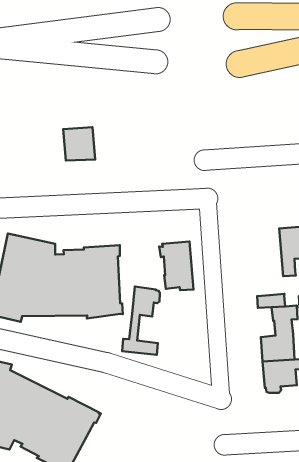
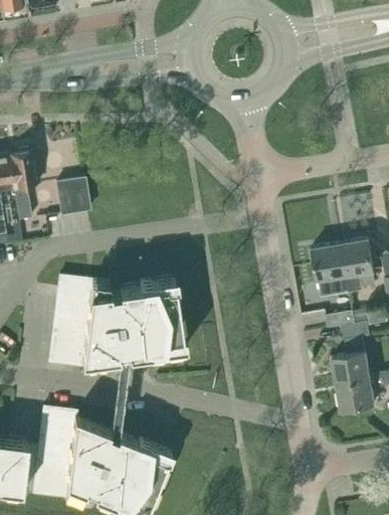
building: [63,127,95,160] -> [53,177,89,214]
building: [159,242,194,290] -> [309,243,349,295]
building: [122,287,160,355] -> none

